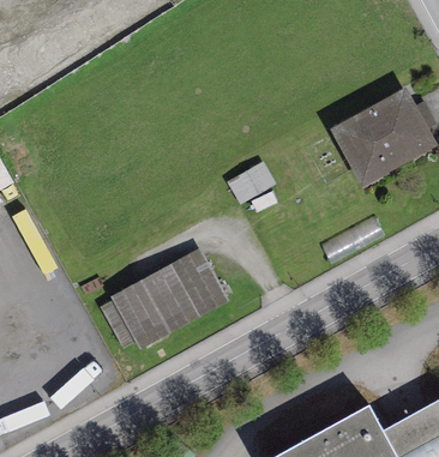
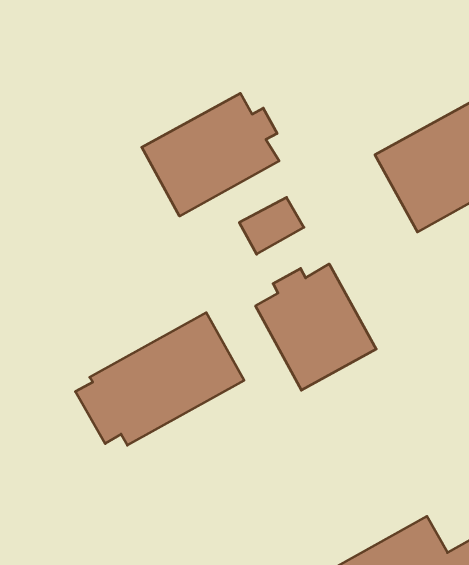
building: none -> [142,93,279,216]
building: none -> [256,264,376,390]

